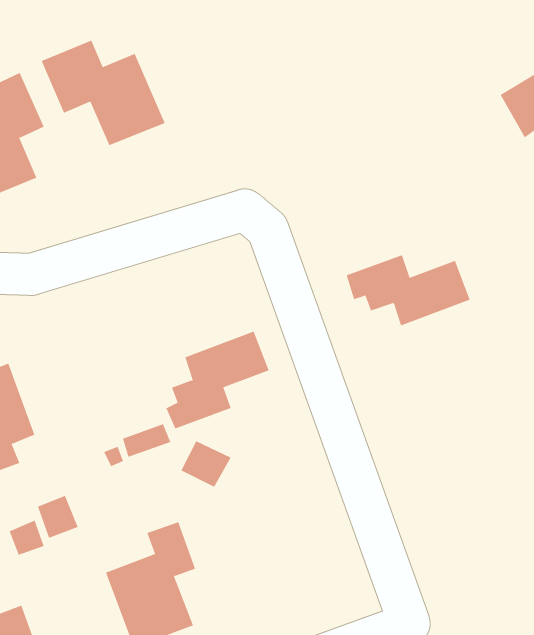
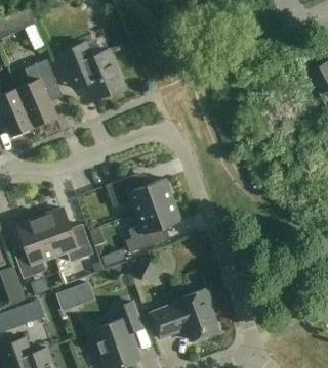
building: [346,254,470,326] -> [106,175,173,214]
building: none -> [40,209,92,263]
building: none -> [150,289,218,340]

